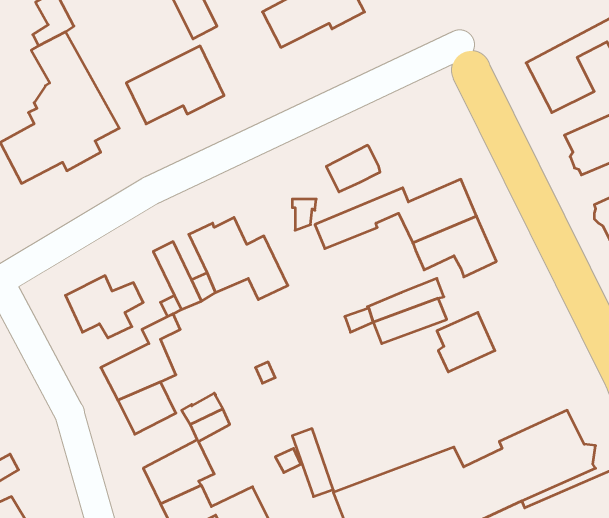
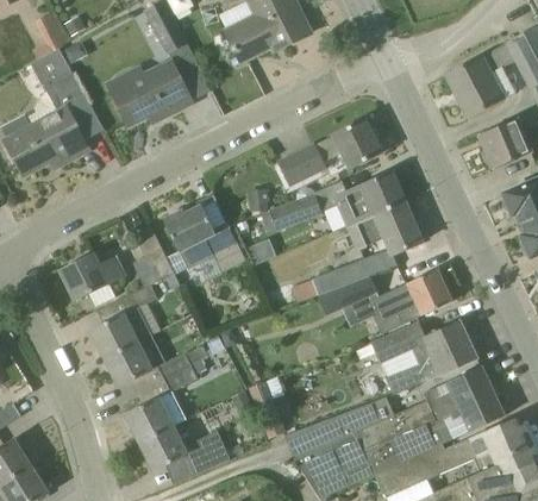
building: none -> [314,119,381,169]
building: none -> [406,269,451,317]
building: none -> [371,320,478,394]

